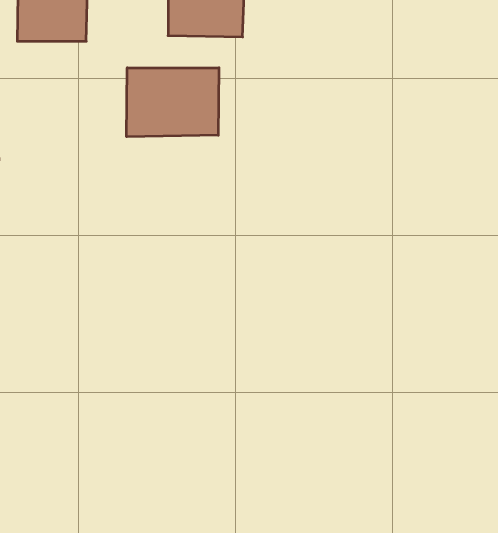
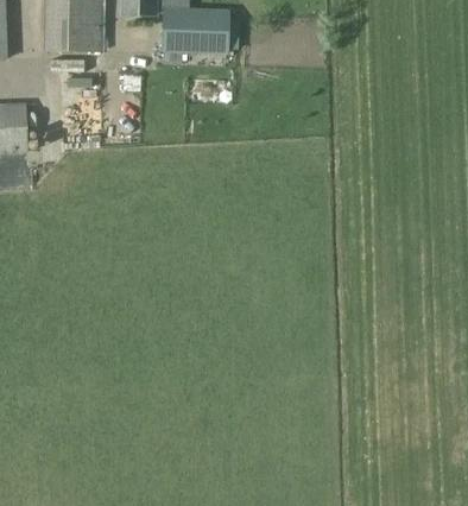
building: [127,68,219,137] -> none

